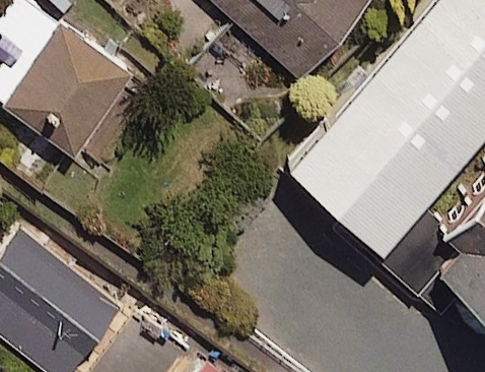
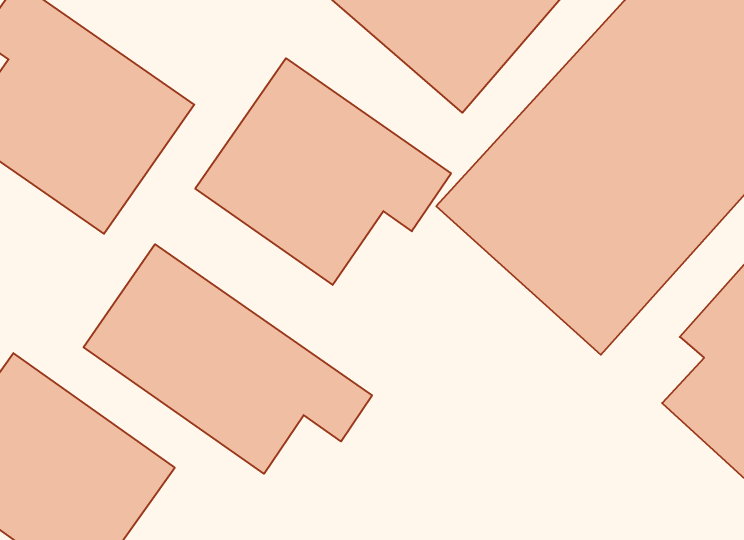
building: none -> [195,58,451,285]
building: none -> [84,244,372,474]

